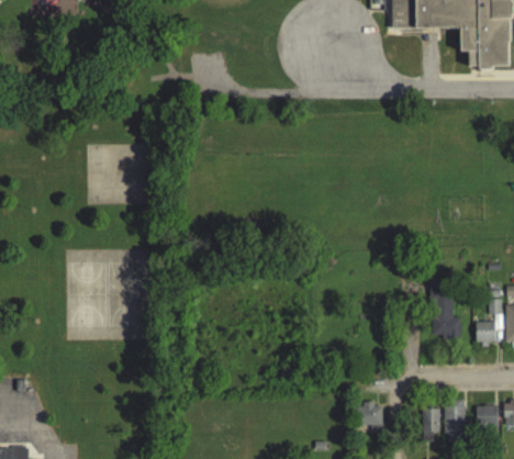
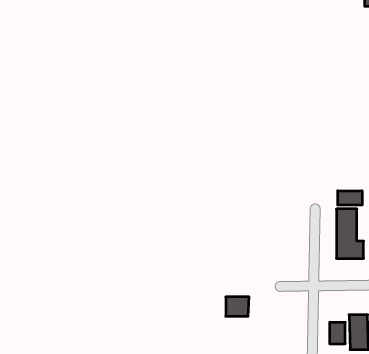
building: none -> [338,191,362,205]
building: [357,405,383,427] -> [226,297,249,316]

